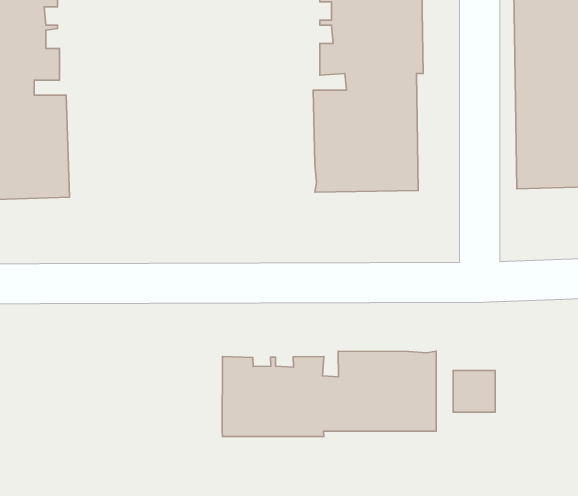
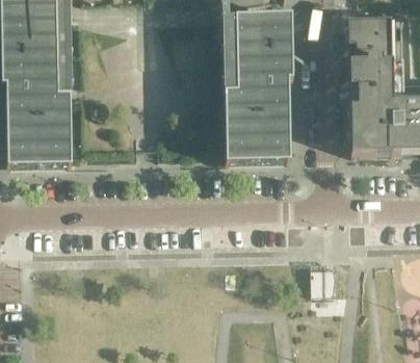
building: [222,351,436,436] -> none

